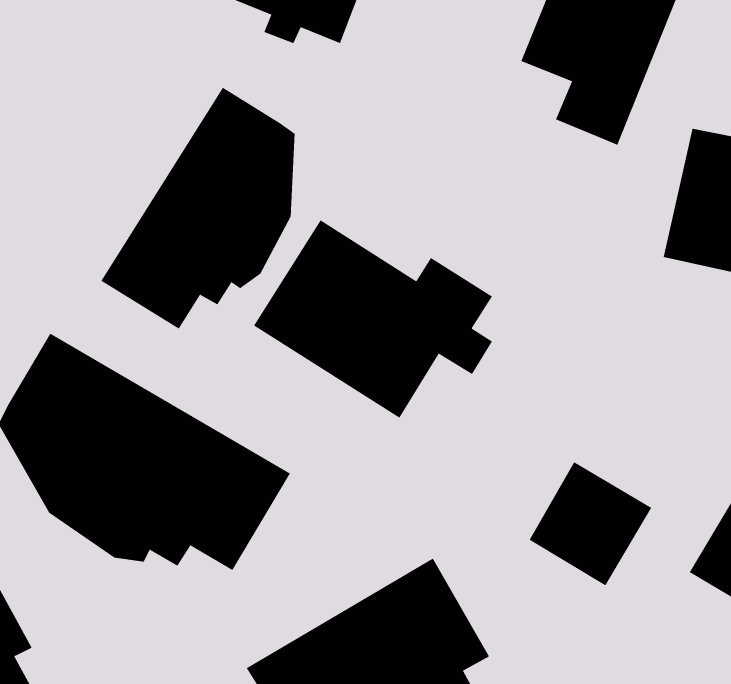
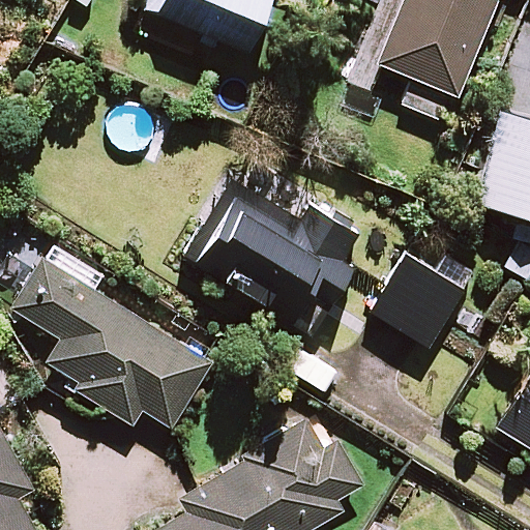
building: [100,87,295,329] -> none
building: [529,461,652,586] -> [374,256,462,345]

